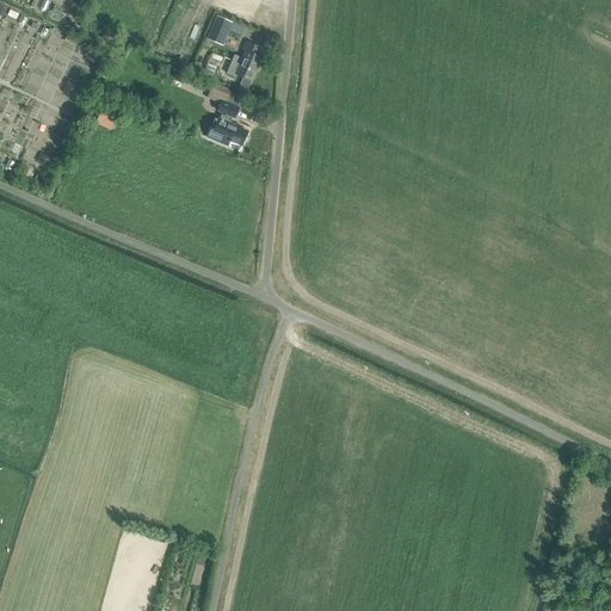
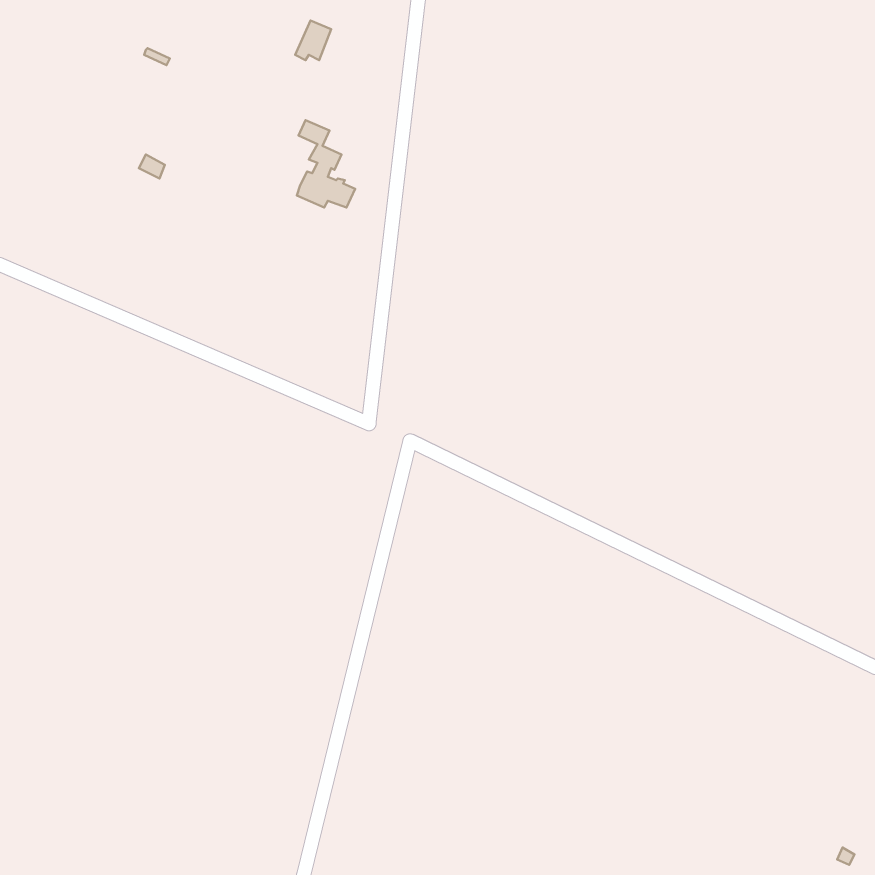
building: [226,41,260,80] -> none

